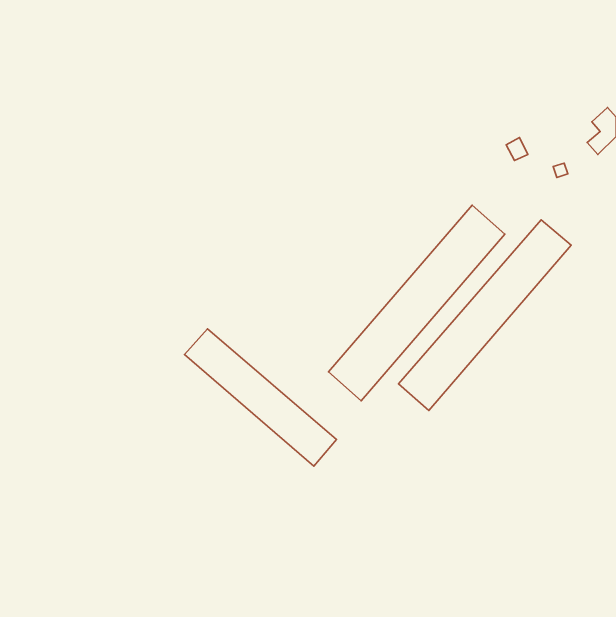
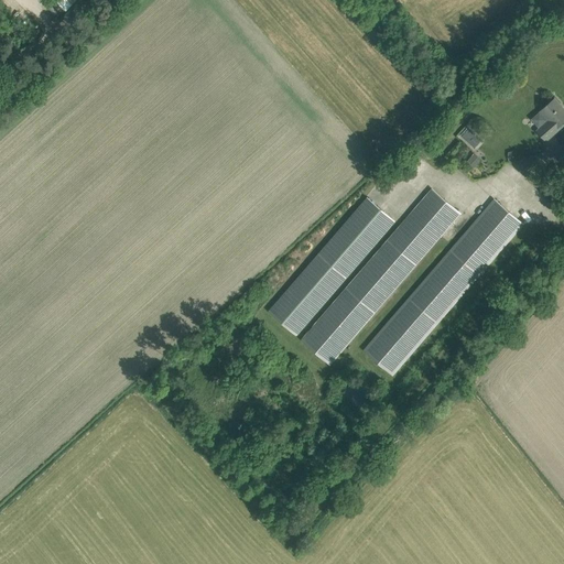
building: none -> [268,197,394,335]
building: [184,329,337,466] -> none

